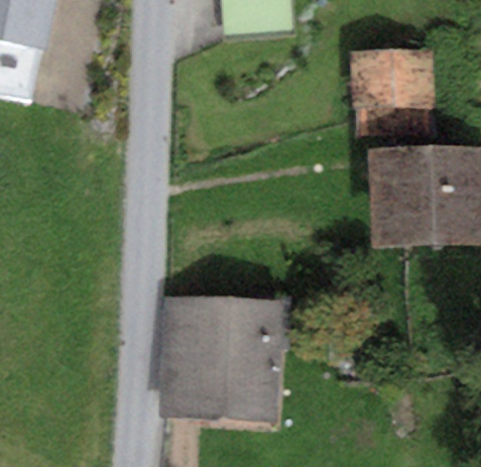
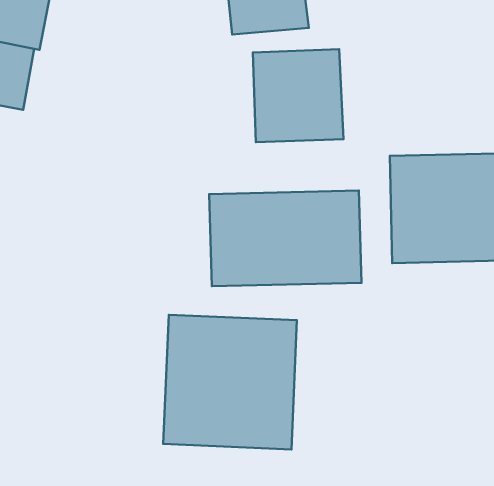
building: [350,48,434,134] -> [253,49,344,142]
building: none -> [209,191,362,286]

